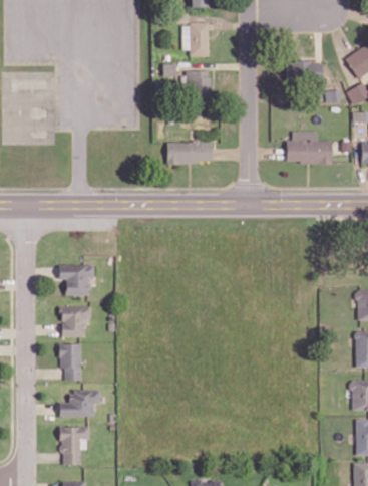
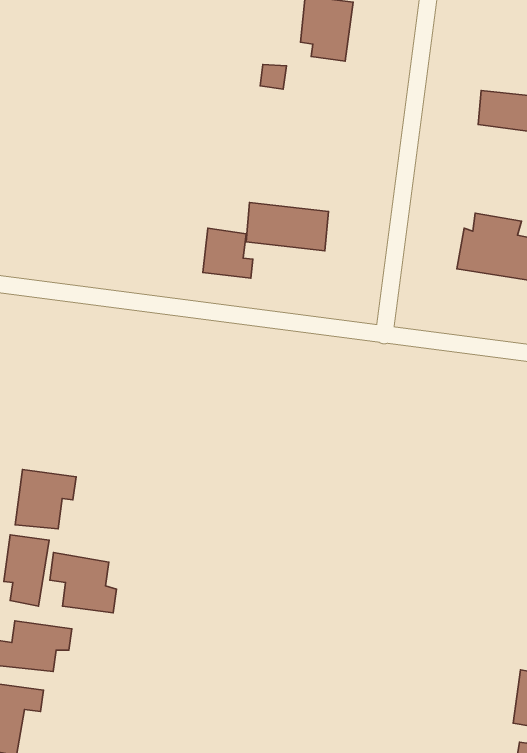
building: [188,70,210,104] -> none
building: none -> [203,228,253,278]
building: [58,265,94,295] -> none
building: none -> [50,552,116,613]

